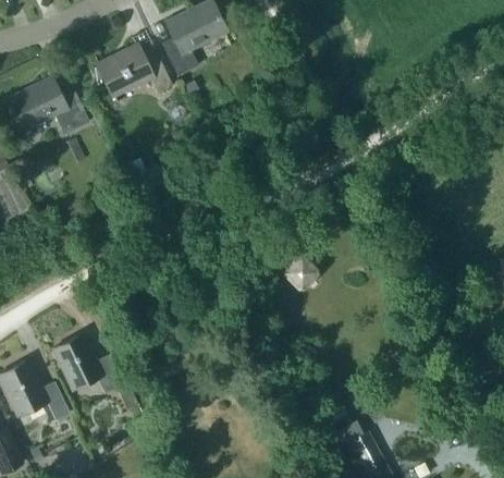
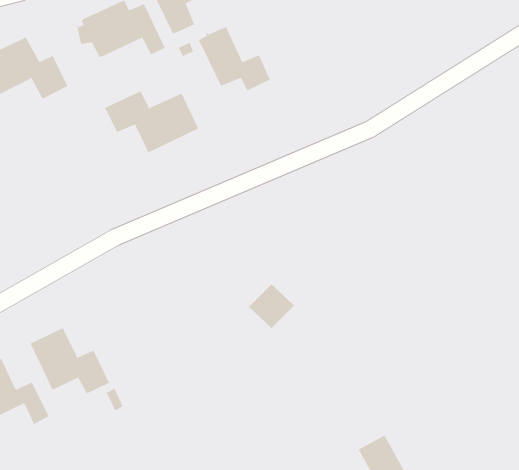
building: none -> [198,26,271,91]
building: none -> [105,90,199,153]
building: [280,253,321,293] -> [248,283,295,329]

